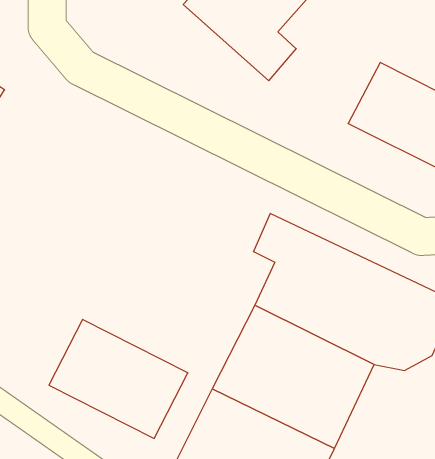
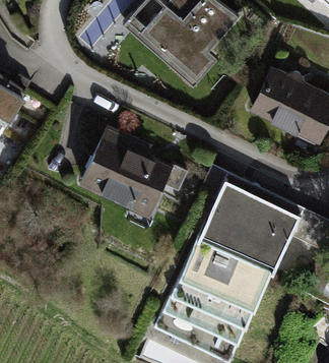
building: [49,319,188,438] -> [85,130,178,209]

